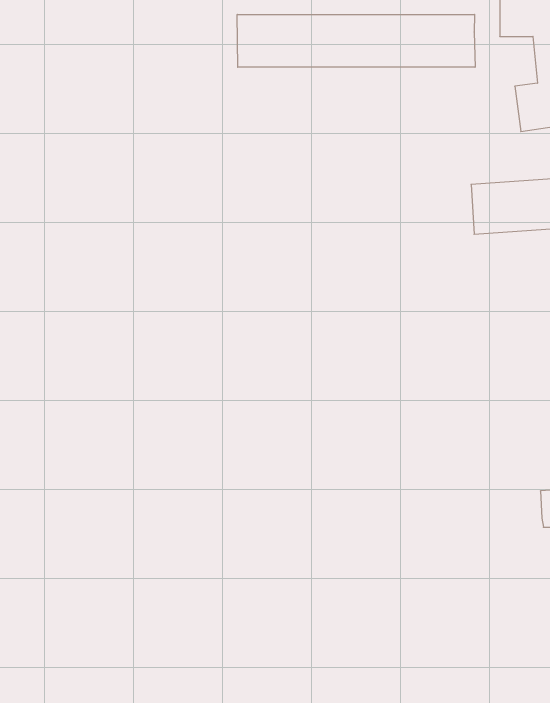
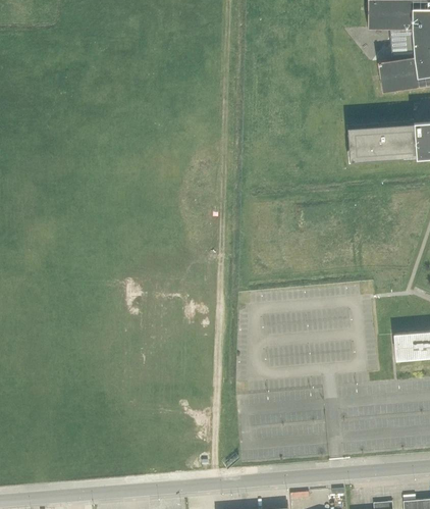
building: [237,14,475,67] -> none

